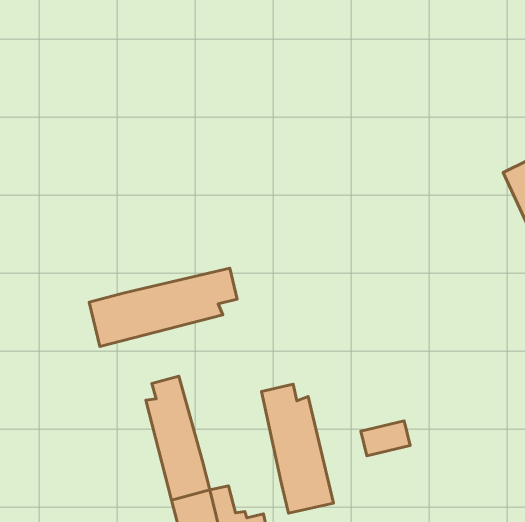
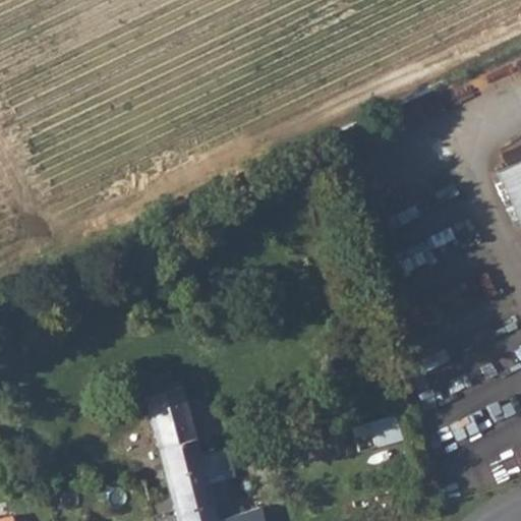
building: [89,268,237,347] -> none
building: [262,384,333,513] -> none

